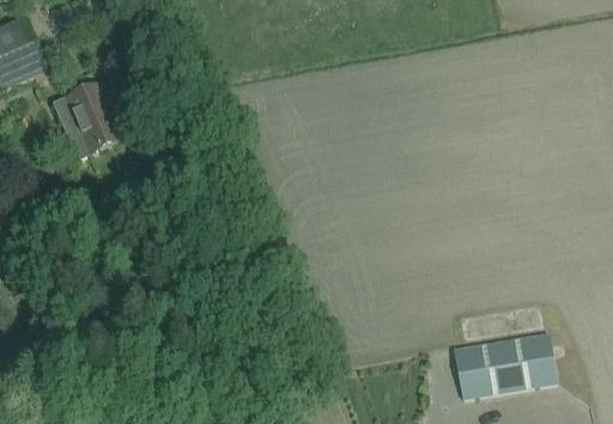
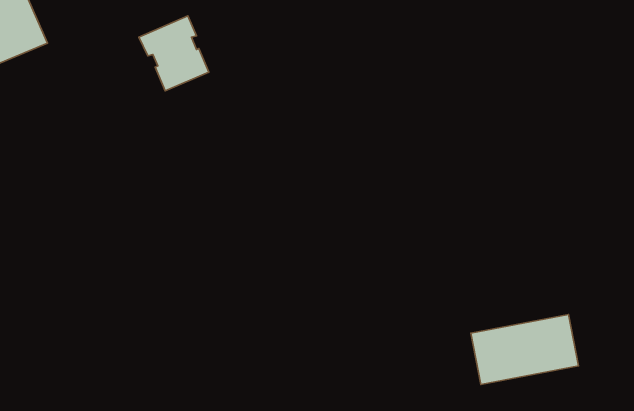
building: [53,81,120,153] -> [139,16,209,91]

